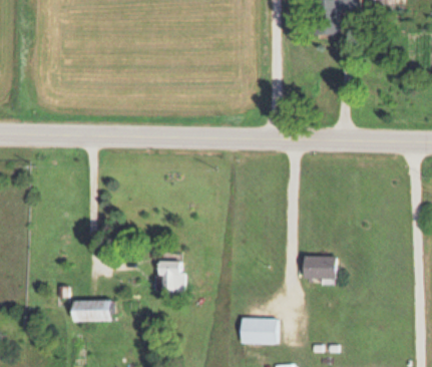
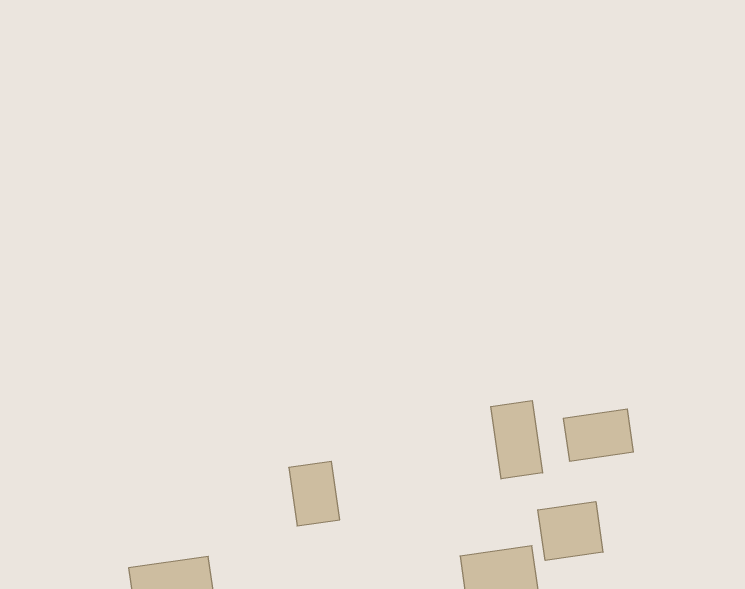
building: none -> [491,401,543,479]
building: none -> [538,502,603,560]

